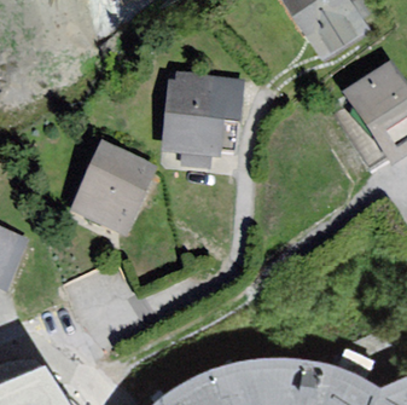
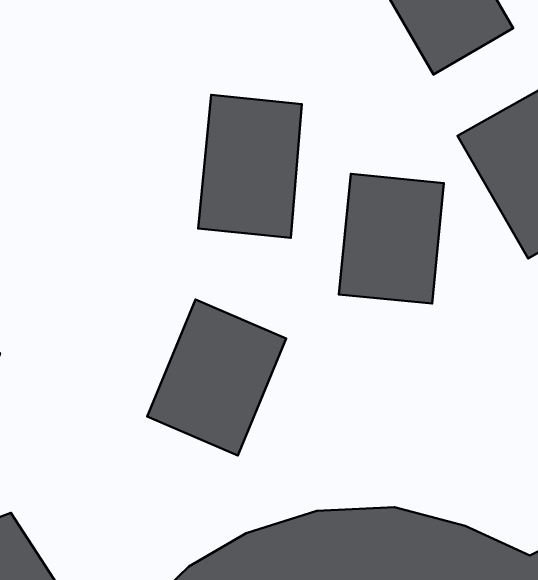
building: none -> [339,174,444,304]
building: [71,150,162,251] -> [147,300,286,456]

